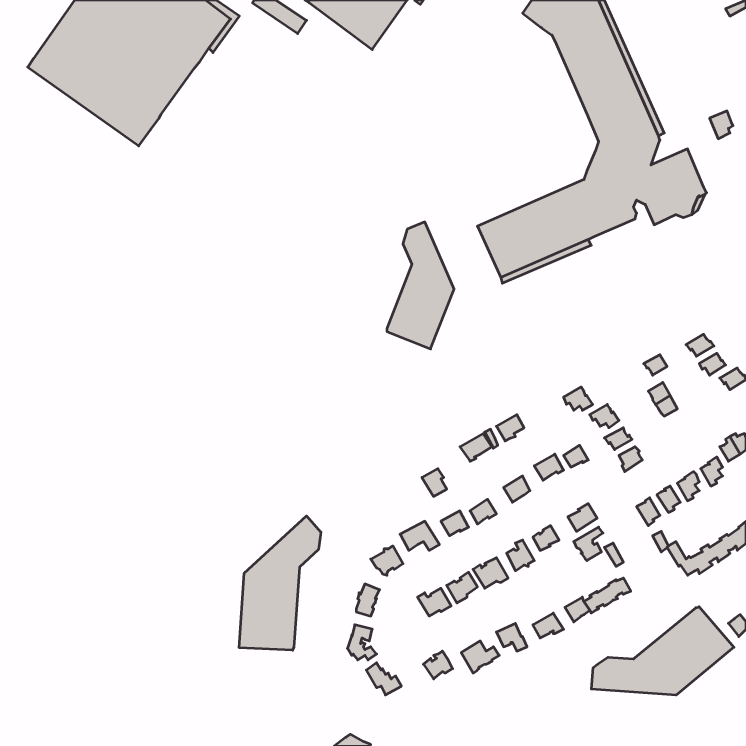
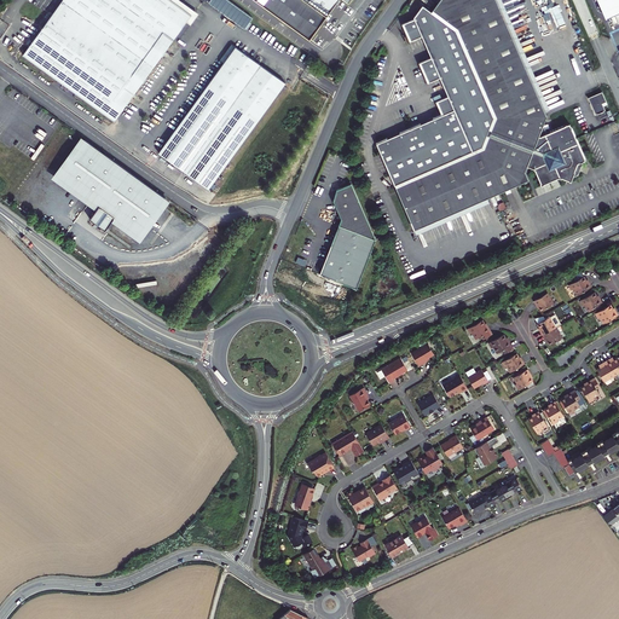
building: none -> [376,5,496,187]
building: none -> [158,47,285,189]
building: none -> [59,139,167,235]
building: [239,516,321,650] -> none
building: [591,607,734,695] -> none

